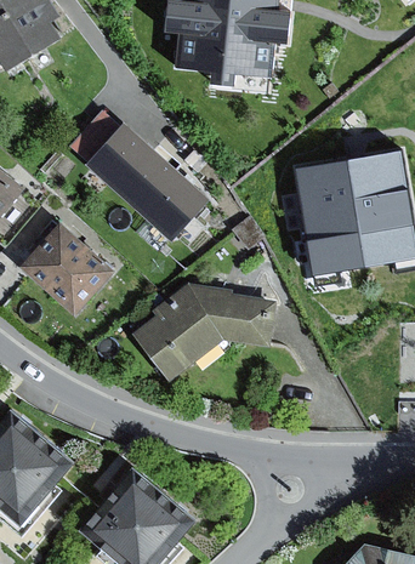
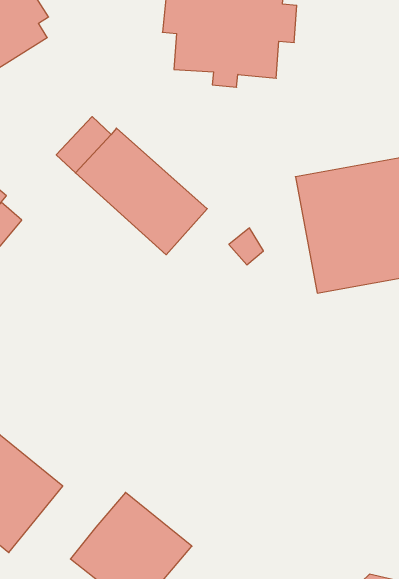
building: [18,222,114,315] -> none
building: [131,284,275,381] -> none

